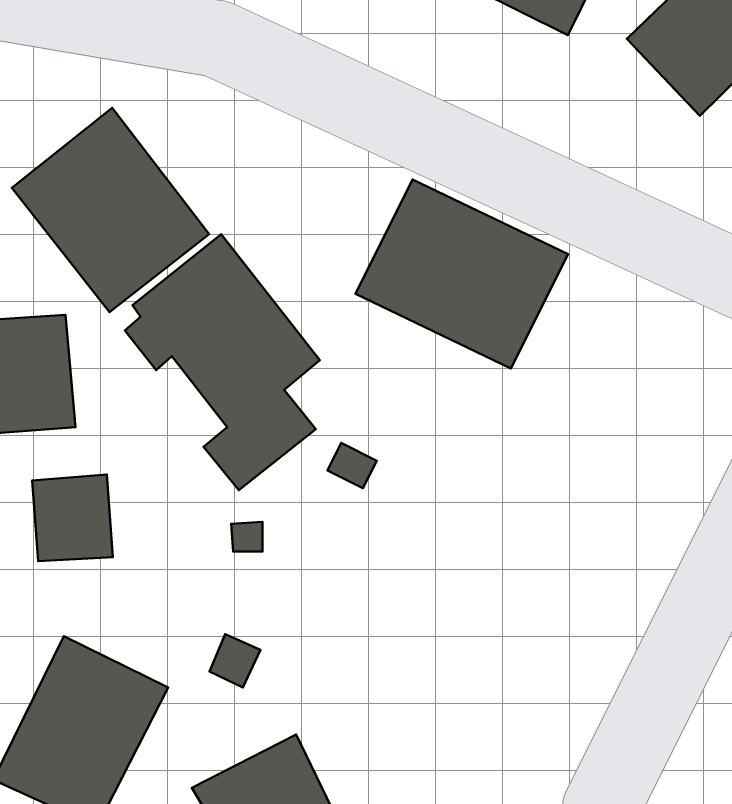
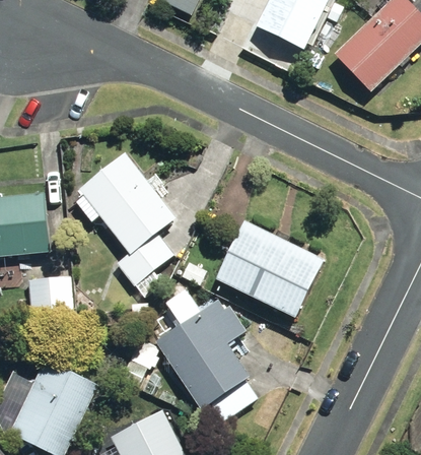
building: [12,108,209,312] -> none
building: [355,179,568,369] -> [214,220,324,318]
building: none -> [155,300,251,410]

